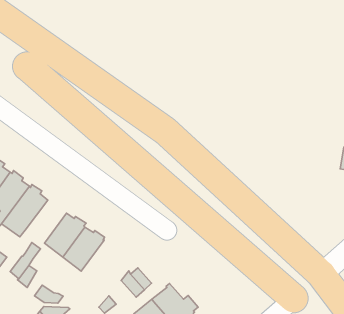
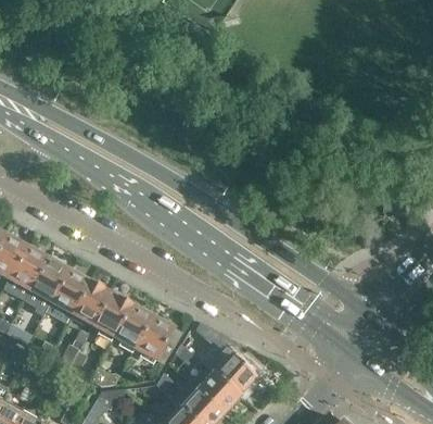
building: none -> [68,278,109,325]
building: none -> [131,314,181,361]

